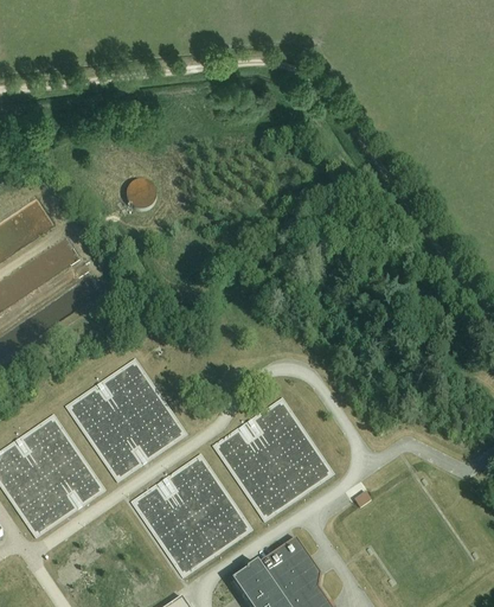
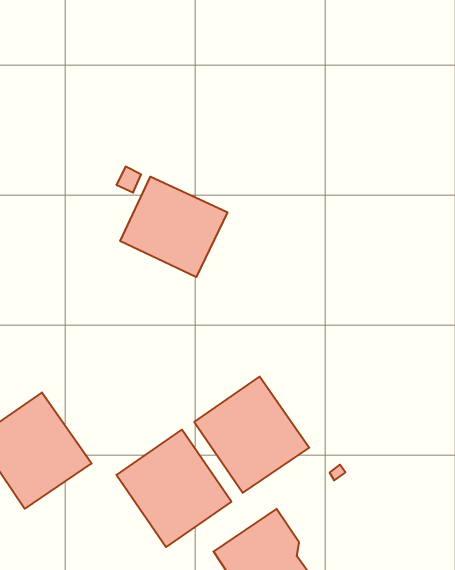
building: none -> [120,177,227,277]
building: [65,358,185,480] -> none

